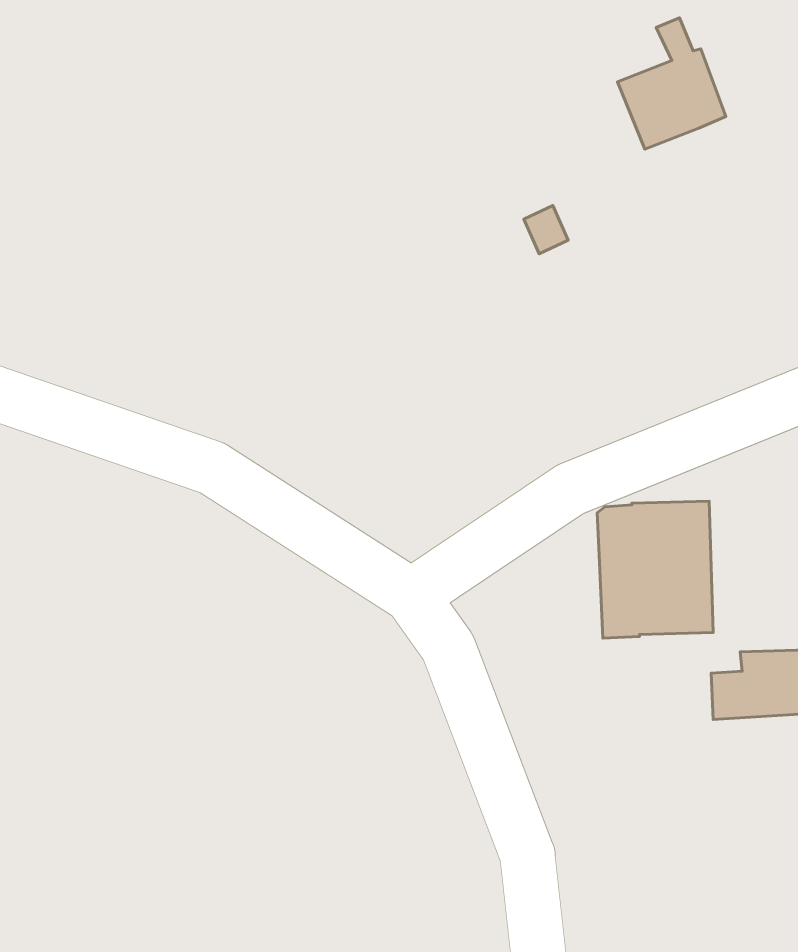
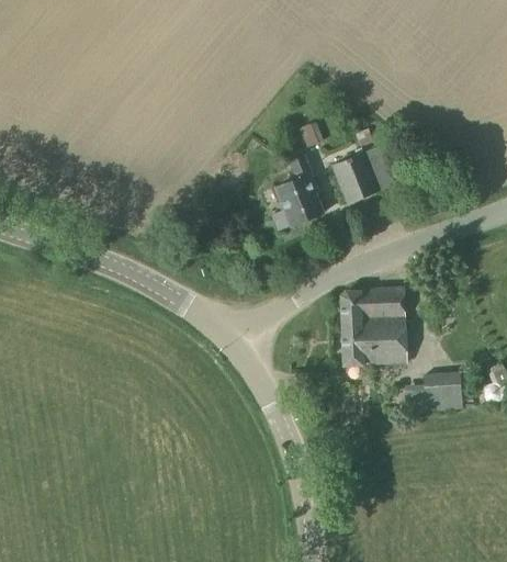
building: [618,18,726,149] -> [333,128,394,203]
building: none -> [272,156,323,231]

